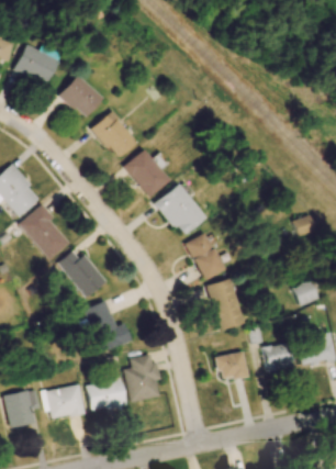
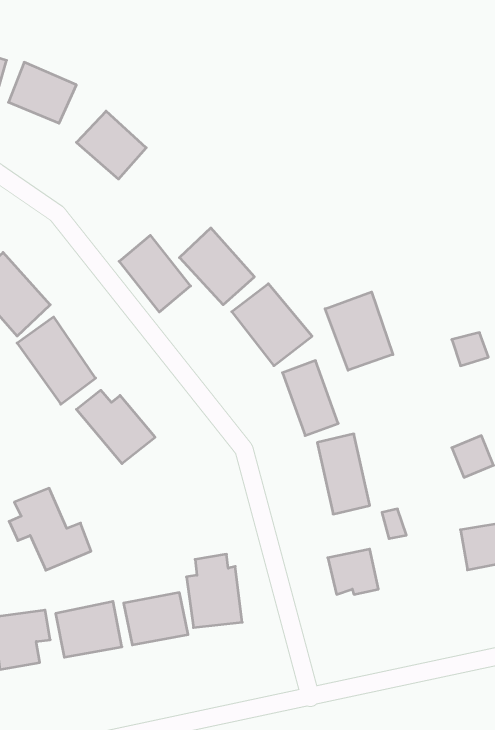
building: [91,111,136,159] -> [119,235,191,312]
building: none -> [325,292,393,370]
building: [80,301,132,353] -> [9,488,91,570]
building: [264,343,293,372] -> none

